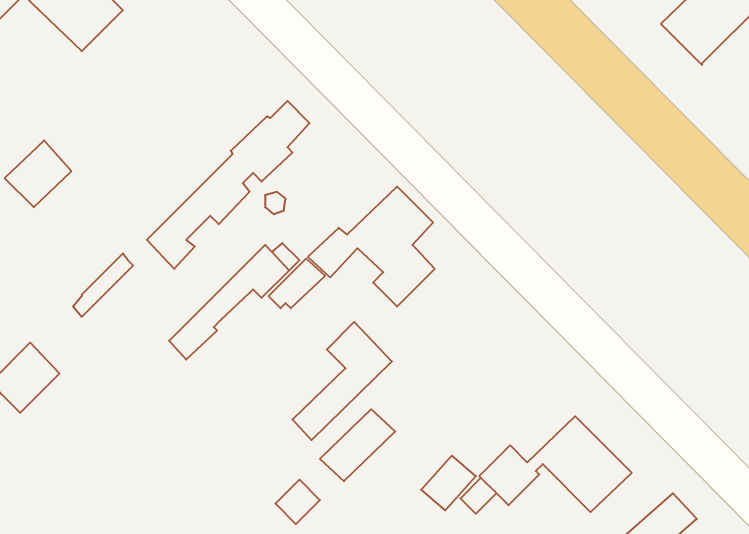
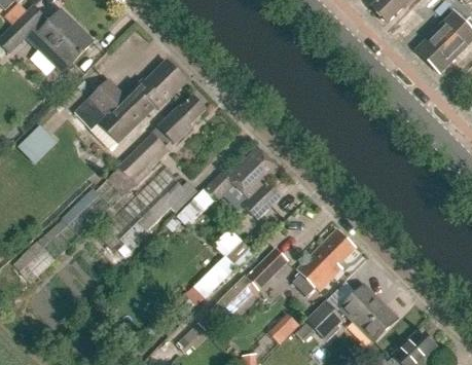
building: none -> [74,60,186,142]
building: none -> [294,229,355,295]
building: none -> [248,249,289,290]

